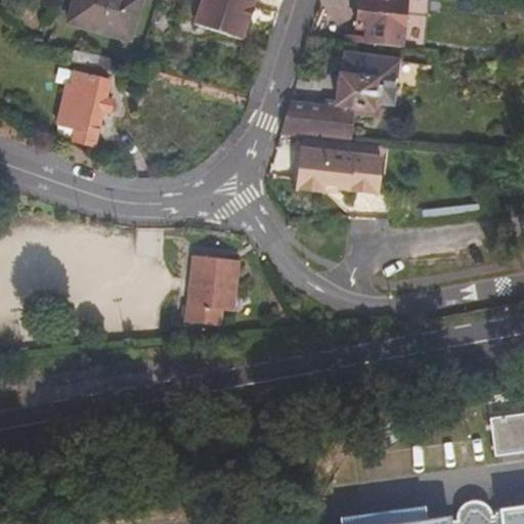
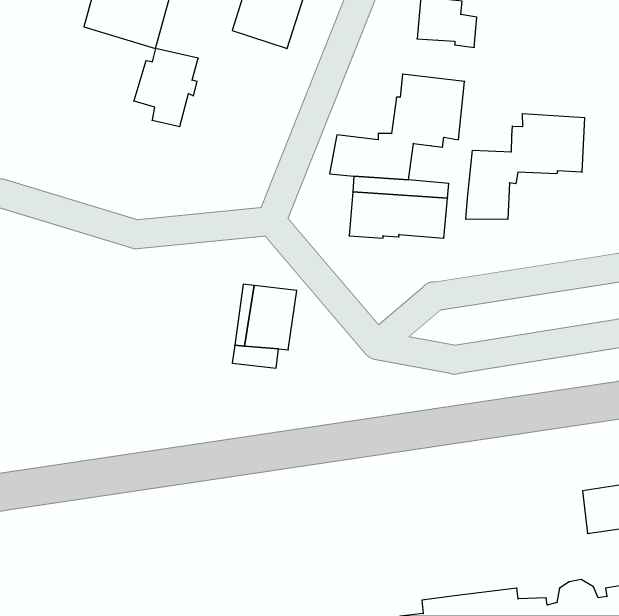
building: [51,84,105,149] -> [134,49,198,126]
building: none -> [466,114,585,219]

